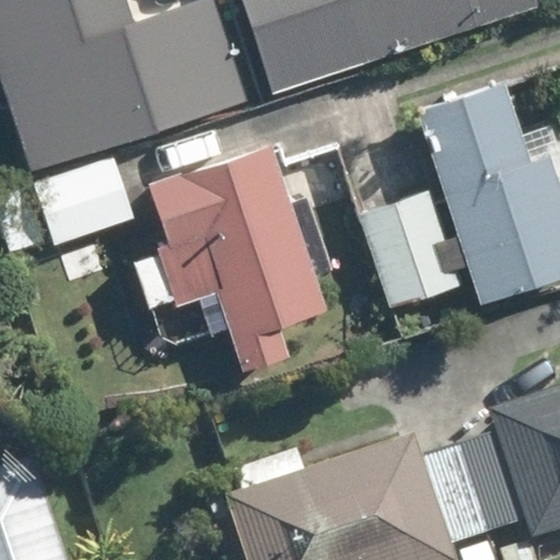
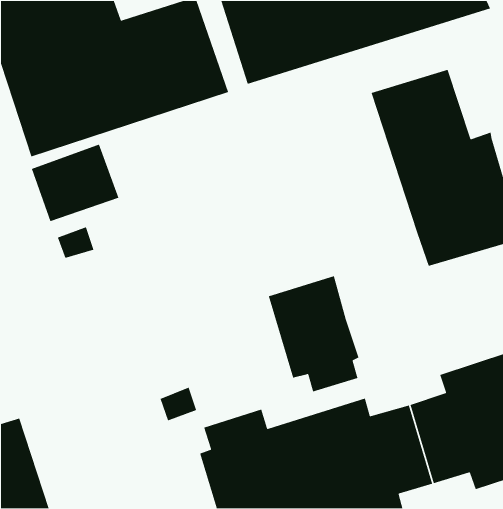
building: [128,136,319,364] -> none
building: [354,183,455,312] -> [268,275,359,393]

